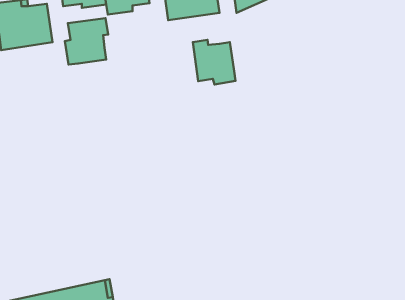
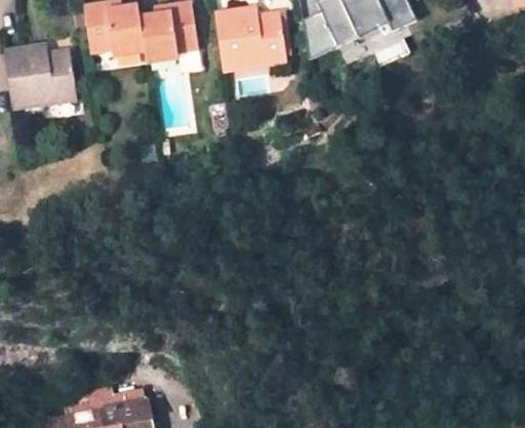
building: [65,18,108,65] -> none
building: [193,40,235,84] -> none

